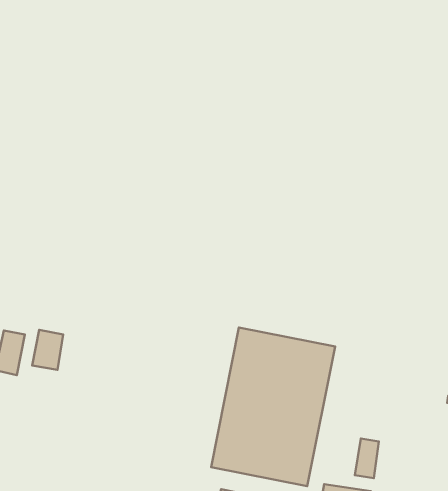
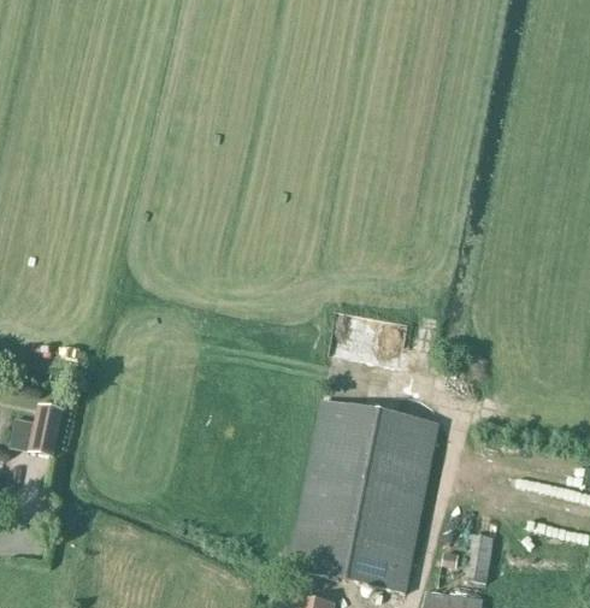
building: [32,330,63,370] -> none

